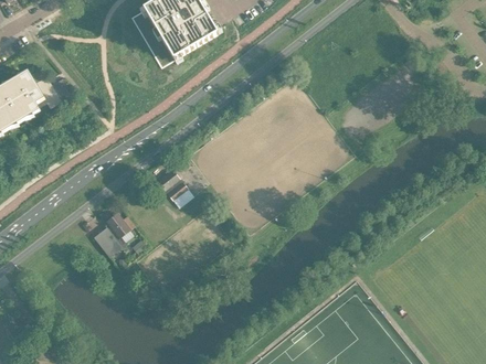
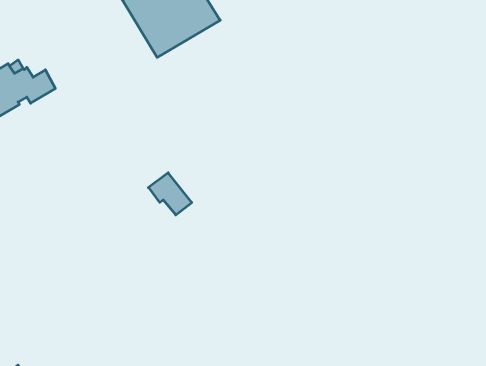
building: [94,212,134,255] -> none

